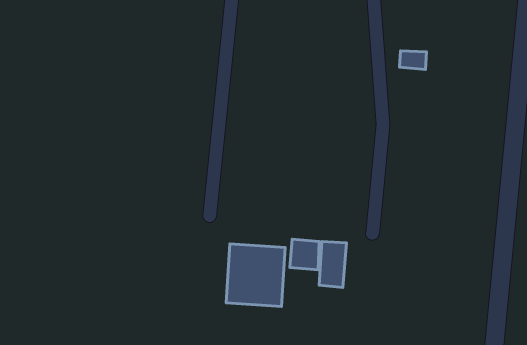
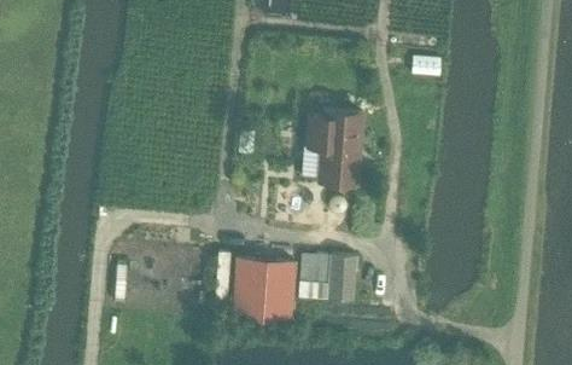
building: none -> [305,111,360,184]

